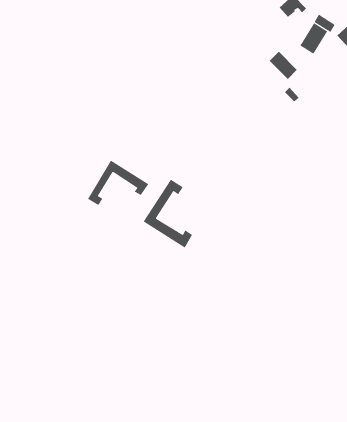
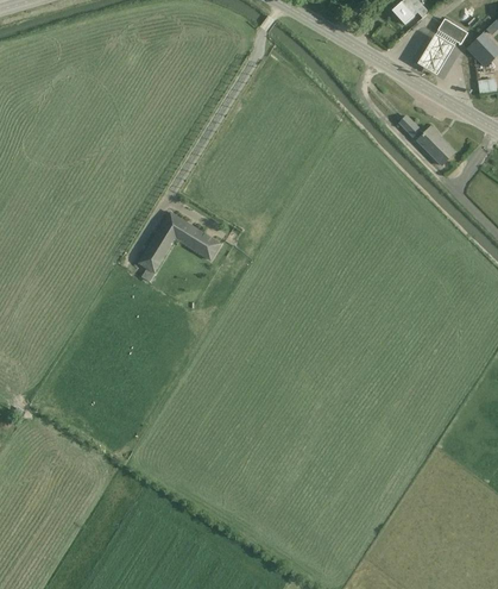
building: [269,51,298,80] -> [417,127,455,165]
building: [143,179,193,249] -> none

